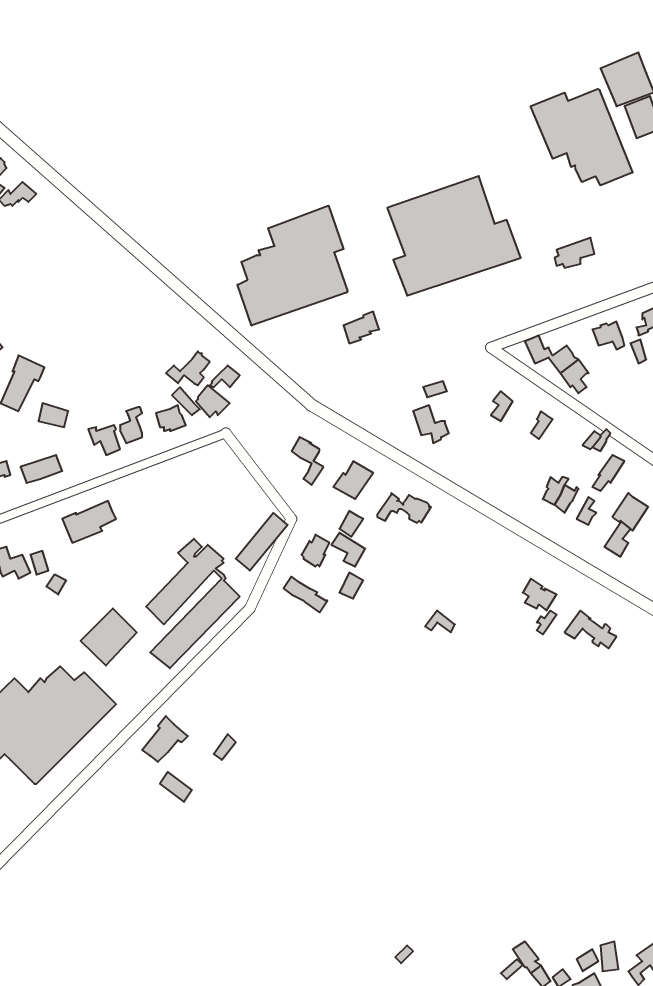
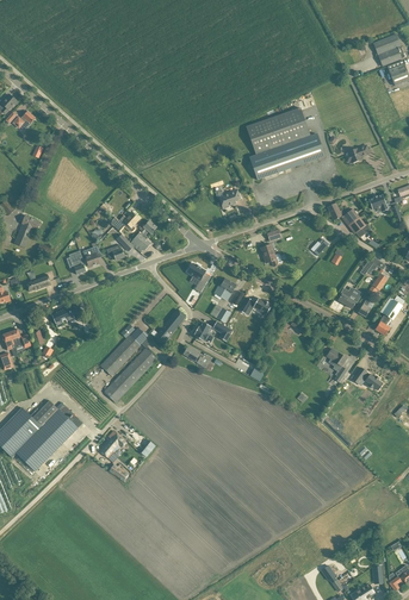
building: [531,89,633,185] -> none
building: [237,206,347,326] -> none
building: [81,608,137,666] -> none

